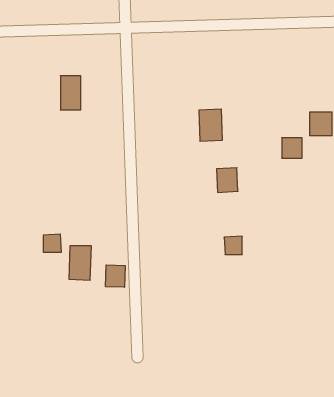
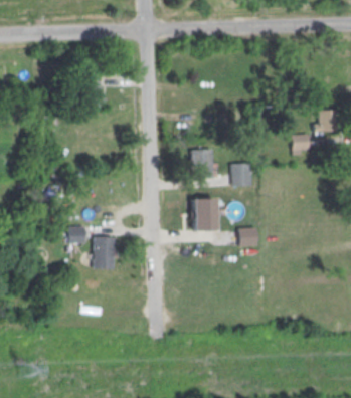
building: [199,109,222,141] -> [192,149,214,179]
building: none -> [192,197,216,230]
building: [106,265,125,287] -> none

